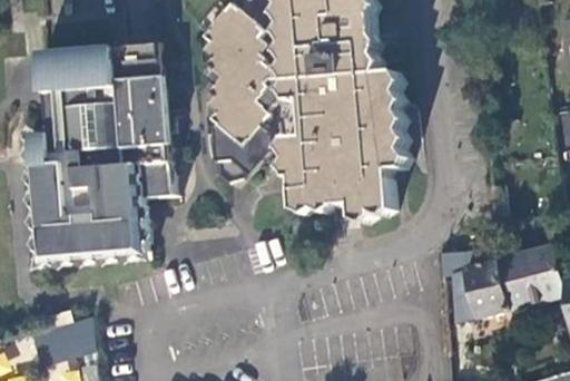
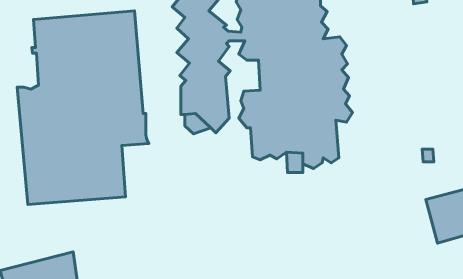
building: [436,246,505,325] -> none

